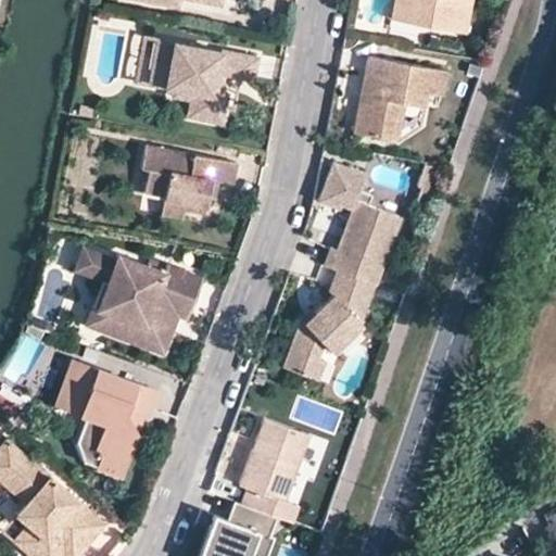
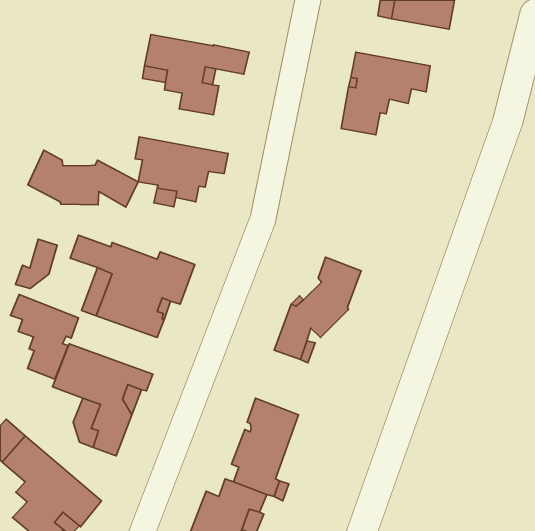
building: none -> [28,150,138,207]
building: [319,163,401,285] -> none
building: none -> [15,239,57,289]
building: none -> [11,295,78,379]

